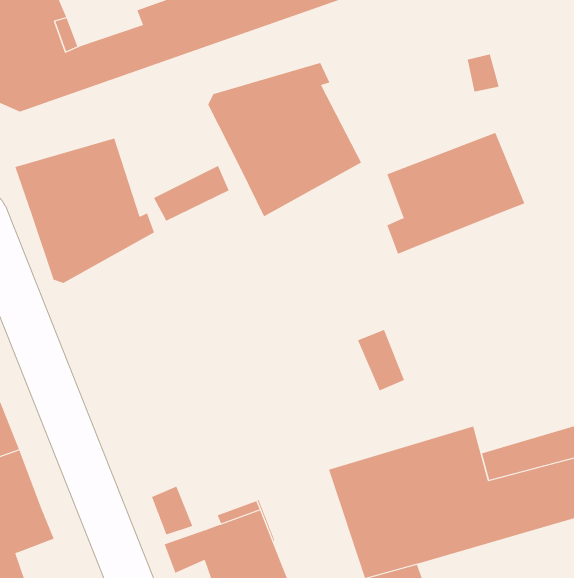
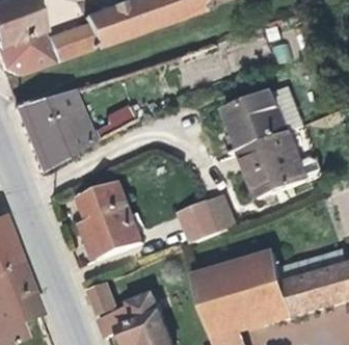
building: [207,62,362,217] -> none
building: none -> [241,131,320,197]
building: none -> [79,182,142,255]
building: none -> [179,200,220,243]

